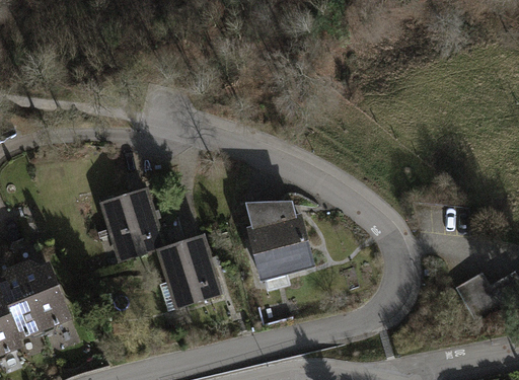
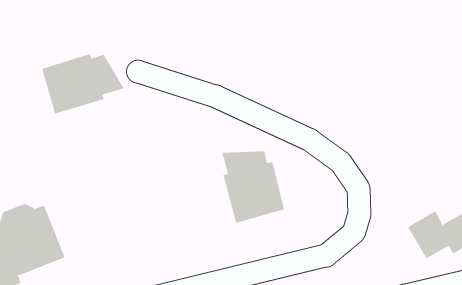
building: none -> [41,53,124,115]
building: [98,184,223,306] -> none

